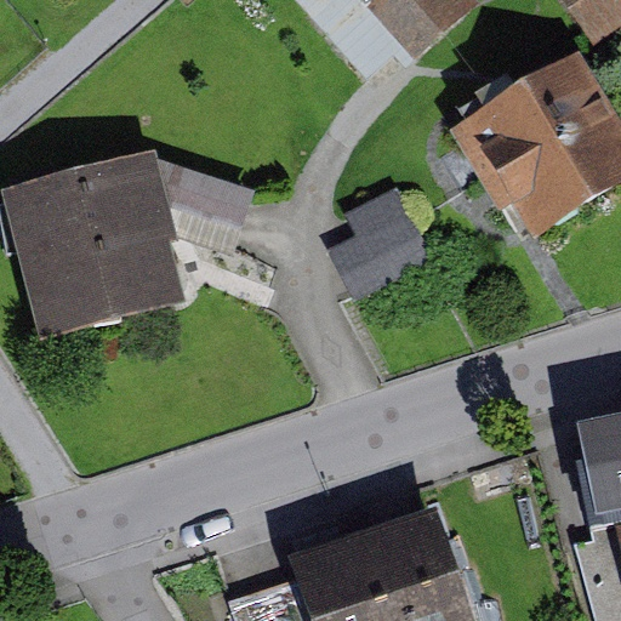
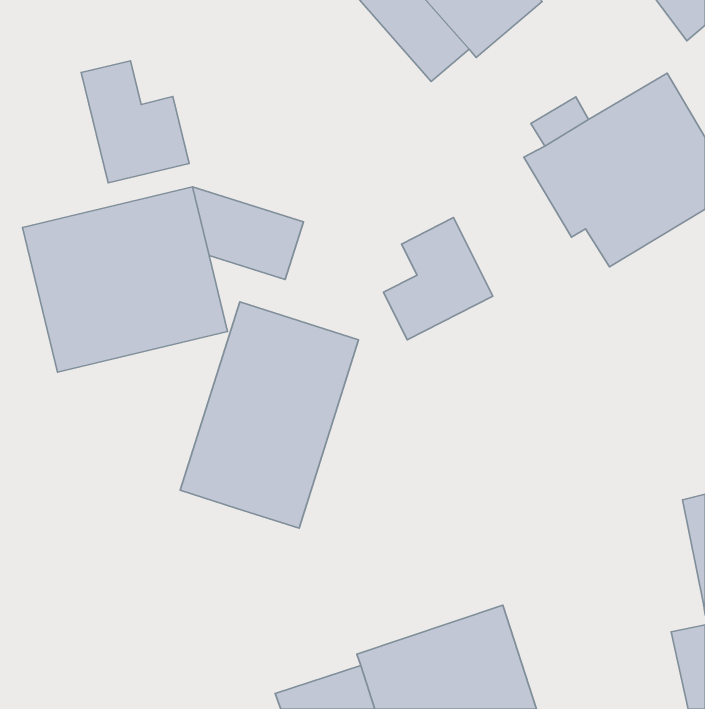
building: none -> [81,61,189,183]
building: none -> [180,302,359,528]

